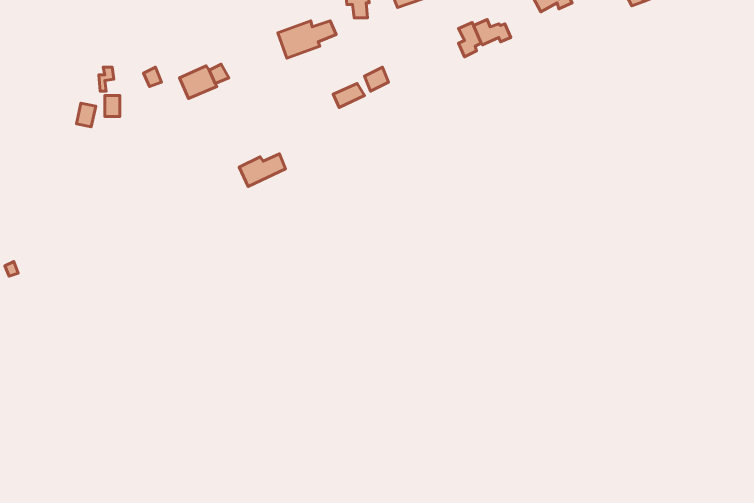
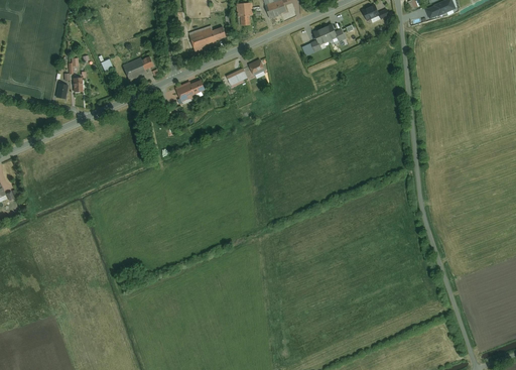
building: [239,154,286,187] -> [173,79,205,101]

